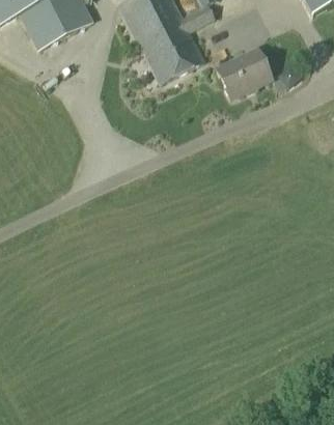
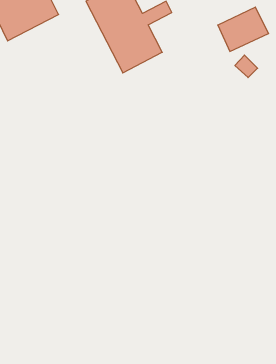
building: [217,50,273,98] -> [218,7,269,51]

